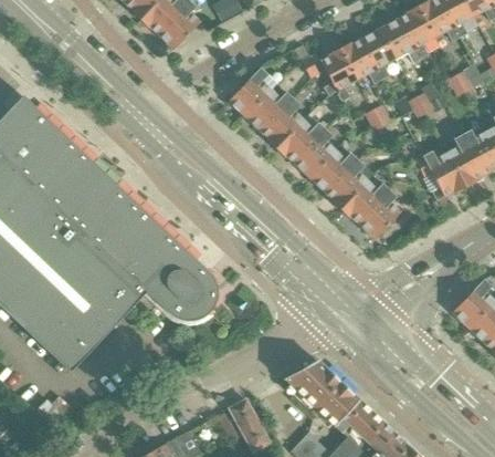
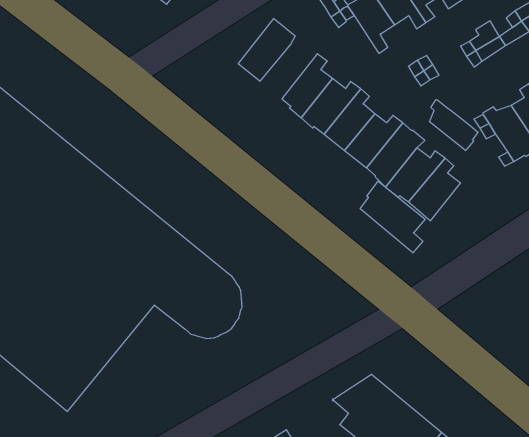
building: [245,89,293,132] -> none
building: none -> [429,100,478,151]
building: none -> [360,181,425,253]

